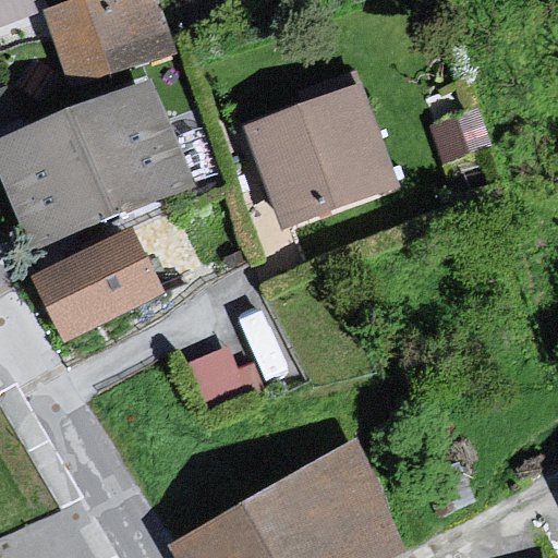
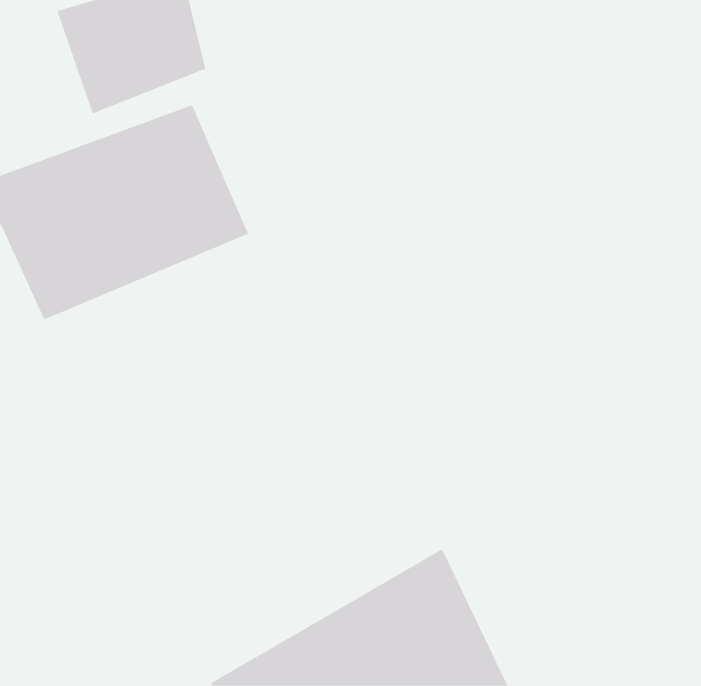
building: [240,78,400,226] -> none
building: [27,233,161,342] -> none

